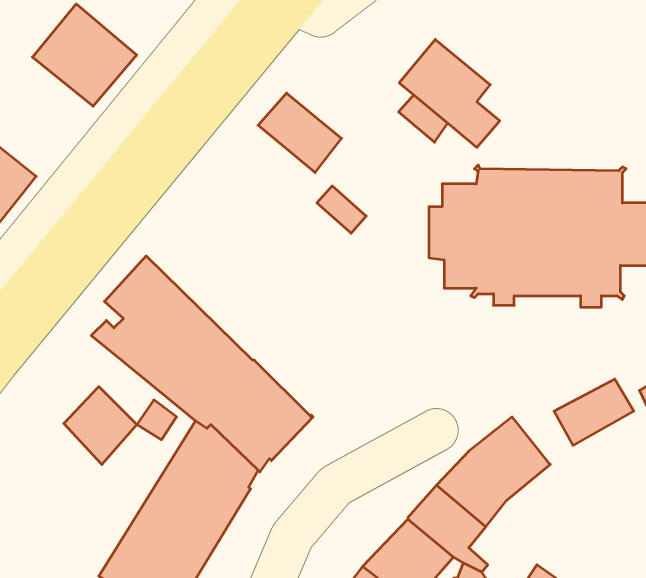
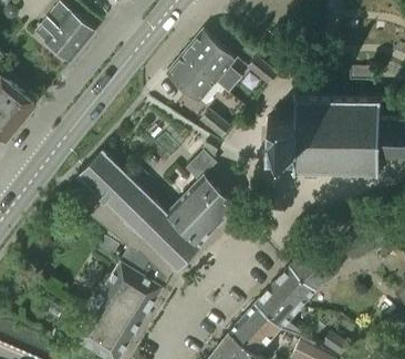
building: [399,39,500,147] -> [184,30,242,93]
building: none -> [165,150,235,245]
building: [64,387,137,465] -> none

